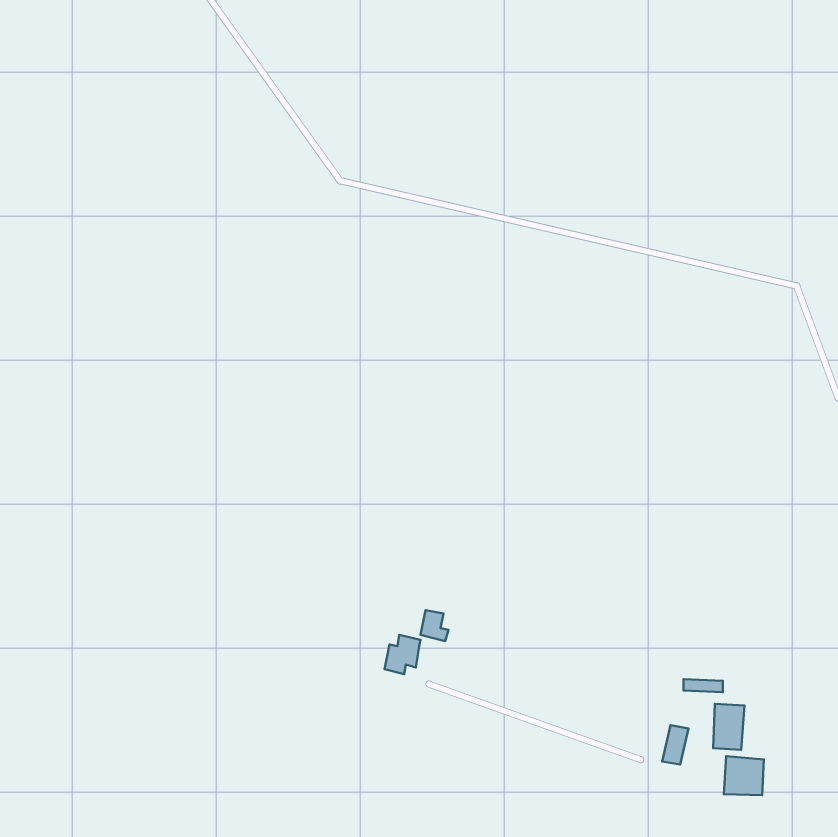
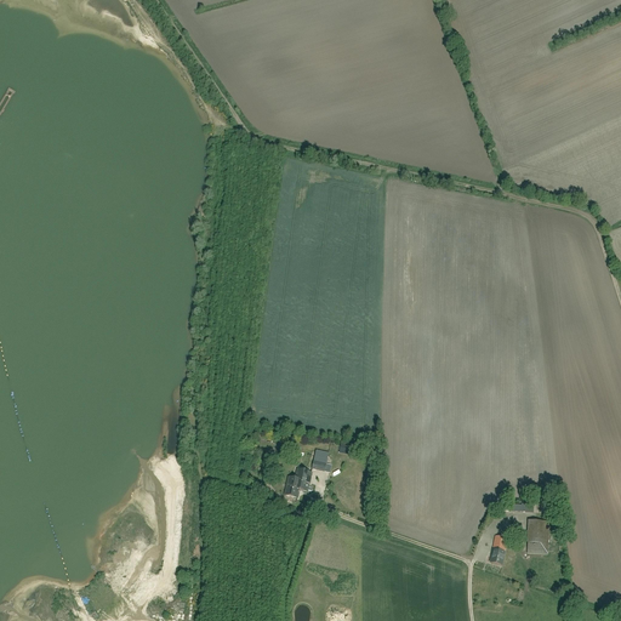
building: [724,756,764,795] -> none

